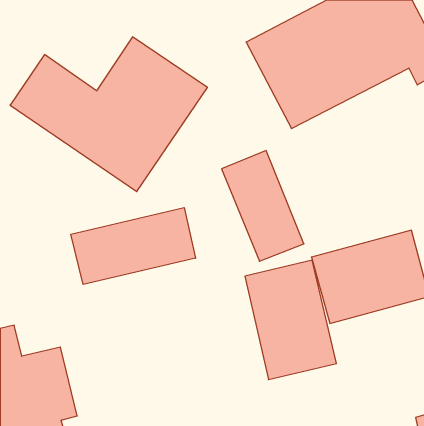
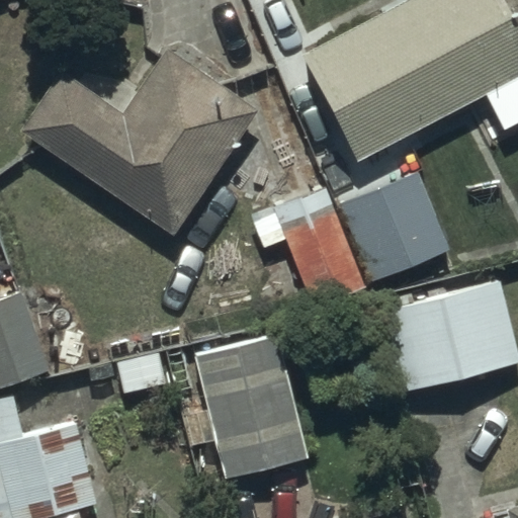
building: none -> [343,170,451,277]
building: [71,208,196,284] -> none
building: [245,260,336,380] -> [195,335,306,479]

